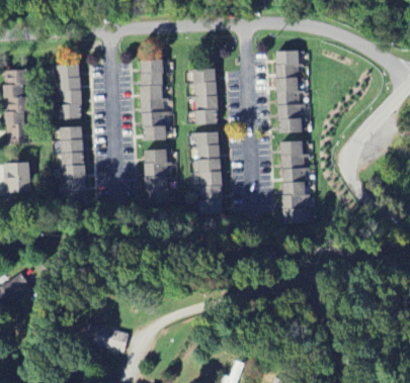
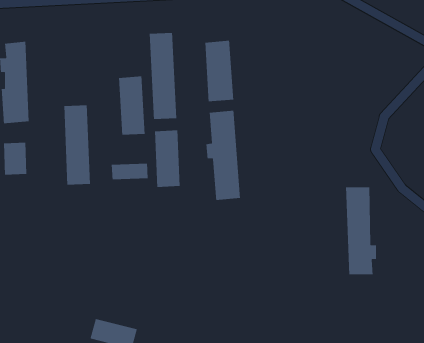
building: [274,50,302,133] -> none
building: [54,63,79,118] -> [118,75,145,136]
building: [280,141,310,223] -> [345,187,377,275]
building: none -> [111,163,149,180]

